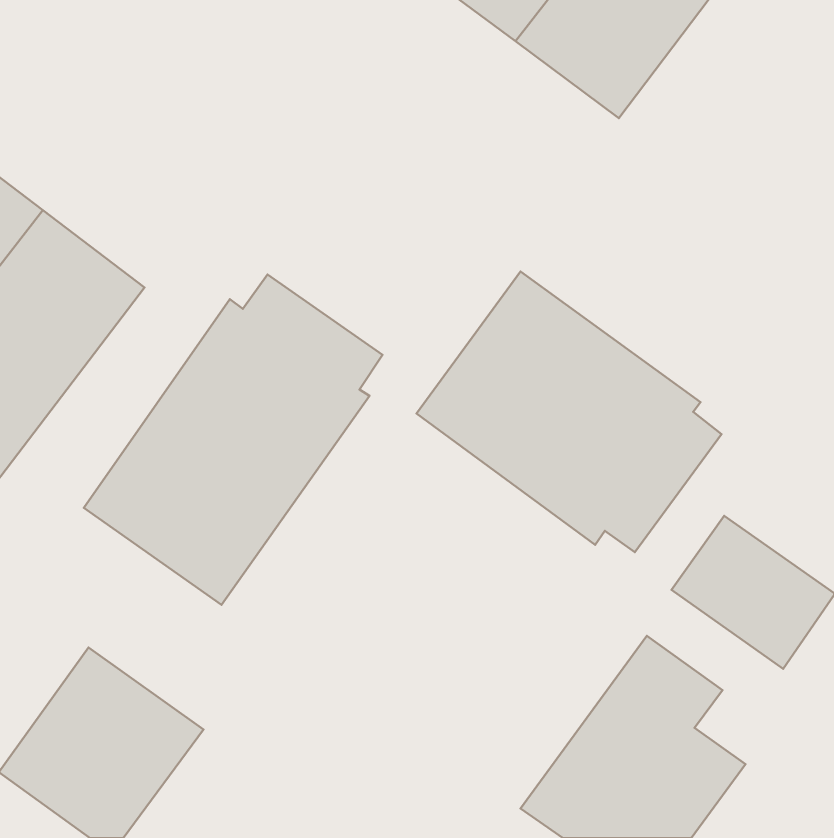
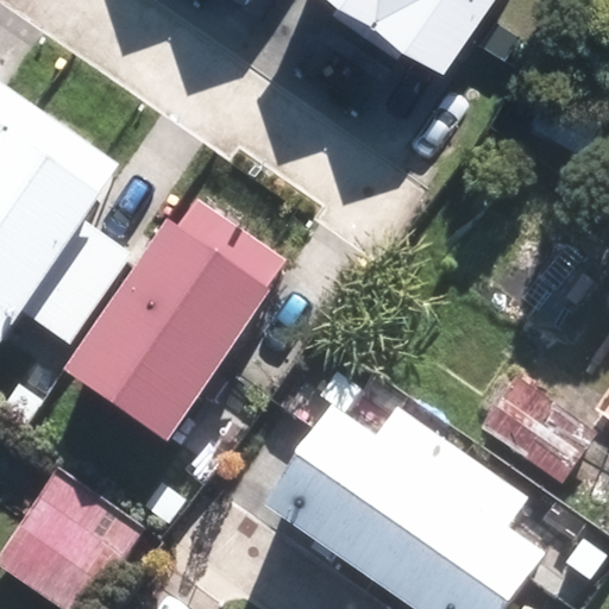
building: [417,271,722,552] -> none
building: none -> [260,404,469,585]

